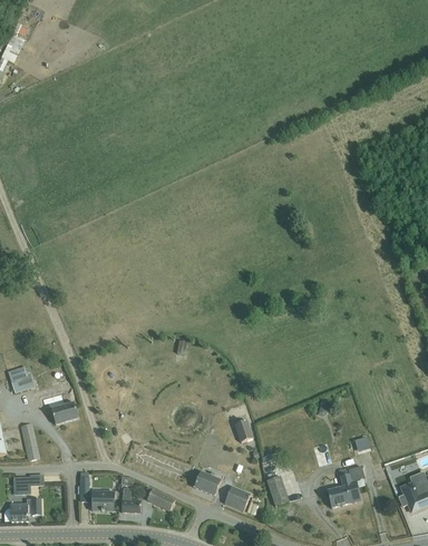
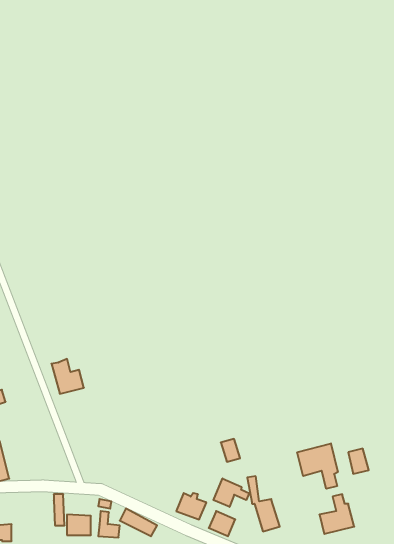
building: [48,391,78,423] -> [51,359,84,394]
building: none -> [297,443,338,489]
building: none -> [213,478,249,507]

